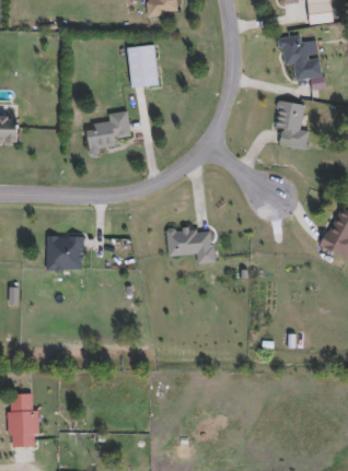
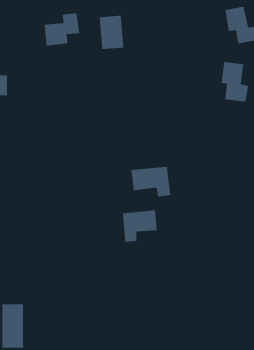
building: [86,111,130,152] -> [44,13,80,46]
building: [46,236,82,271] -> none
building: none -> [123,210,157,242]

